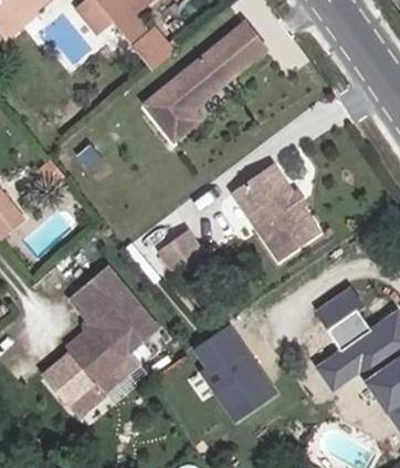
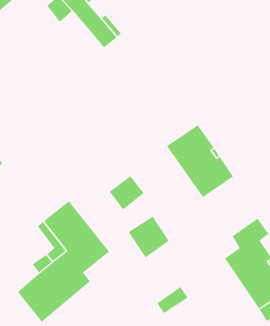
building: [144,19,267,137] -> none
building: [199,341,252,395] -> [128,216,170,258]

